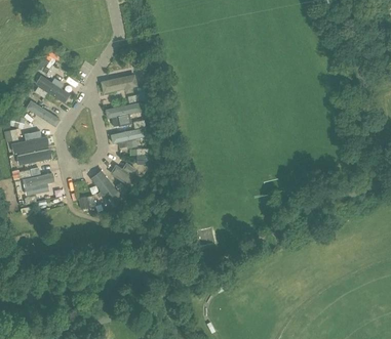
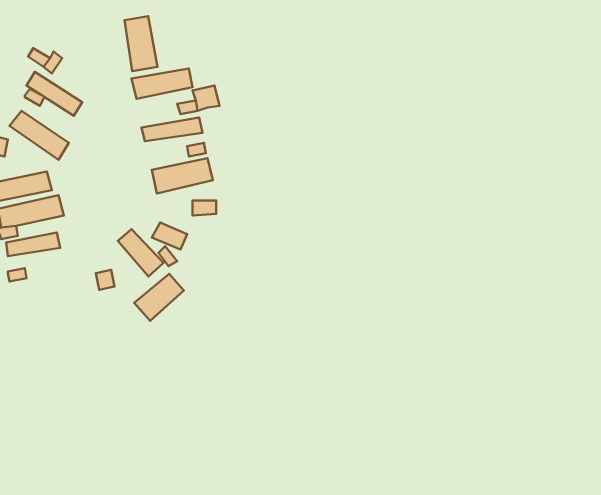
building: none -> [124,16,158,71]
building: none -> [134,274,184,321]

